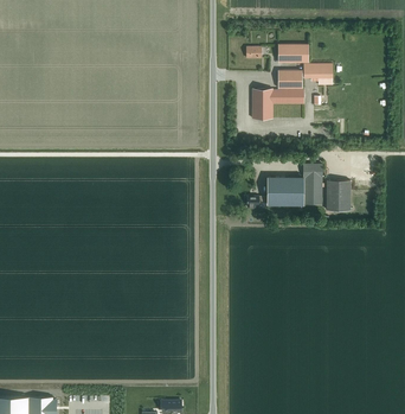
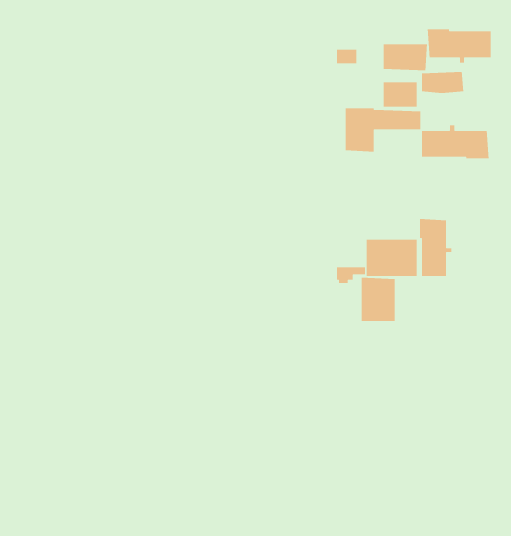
building: none -> [427,29,492,64]
building: none -> [421,125,490,159]
building: [327,181,351,212] -> [361,277,395,322]

